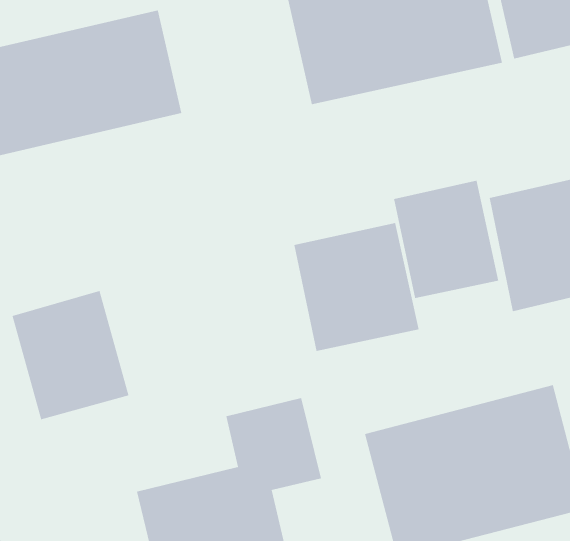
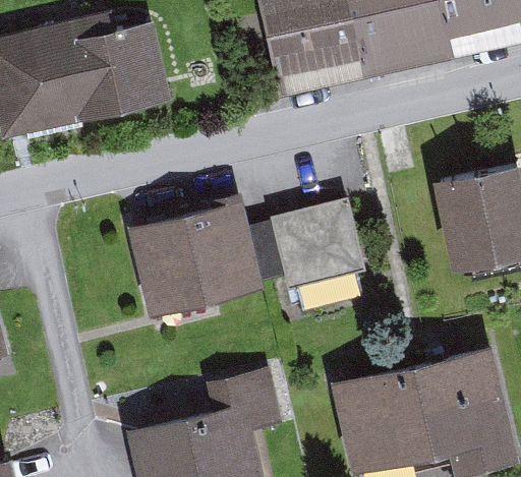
building: [393,180,499,299] -> none
building: none -> [128,197,268,323]
building: [12,290,129,420] -> none

